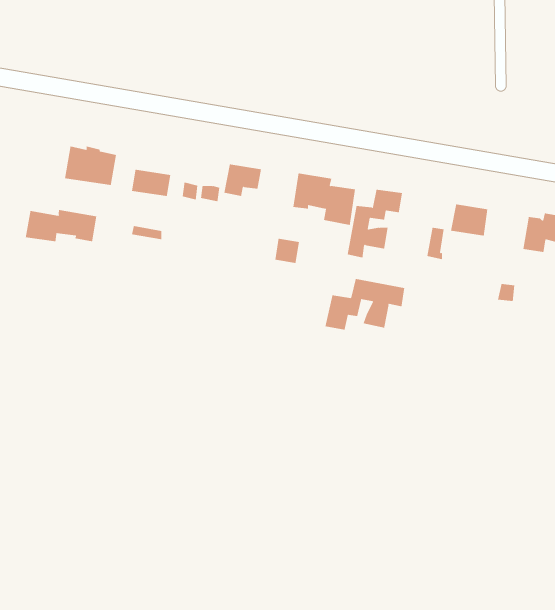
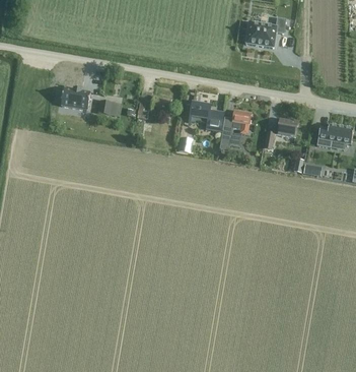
building: none -> [245,17,285,47]
building: [25,209,97,242] -> none
building: [325,278,405,330] -> none

